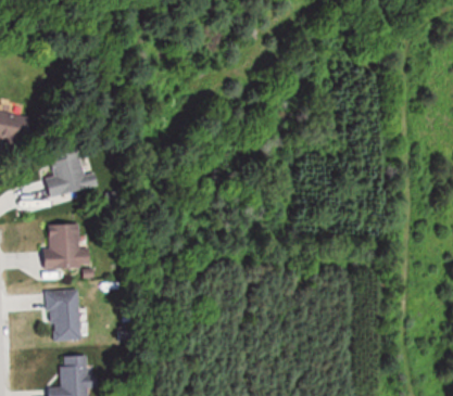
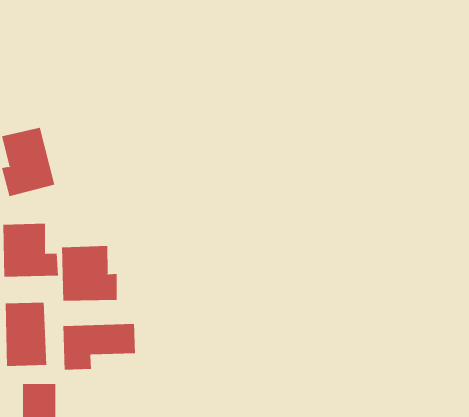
building: none -> [62,245,117,302]
building: none -> [63,323,136,370]

